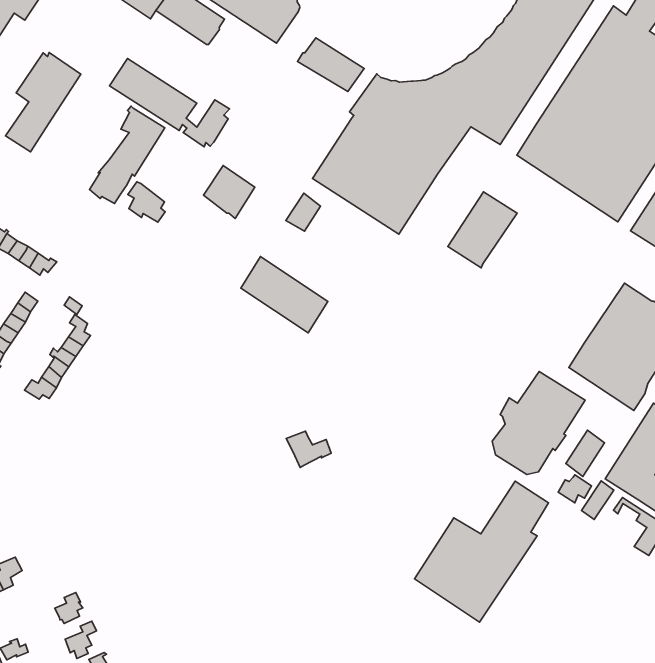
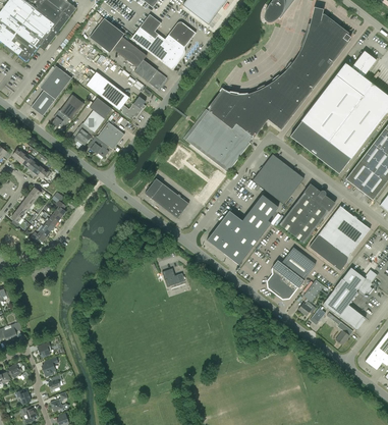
building: [298,38,364,92] -> [133,60,167,89]
building: none -> [52,94,85,128]
building: [203,166,255,219] -> [98,121,124,149]
building: none -> [268,165,303,204]
building: none -> [279,182,335,243]
building: [414,481,549,622] -> [207,194,278,264]

